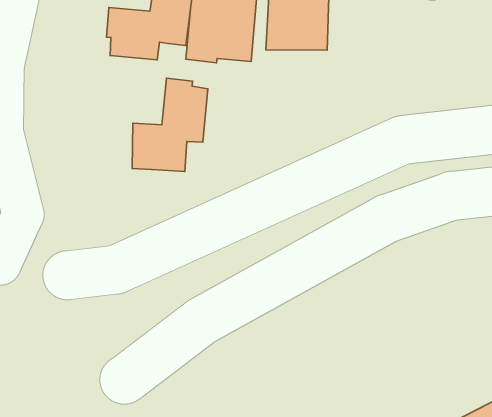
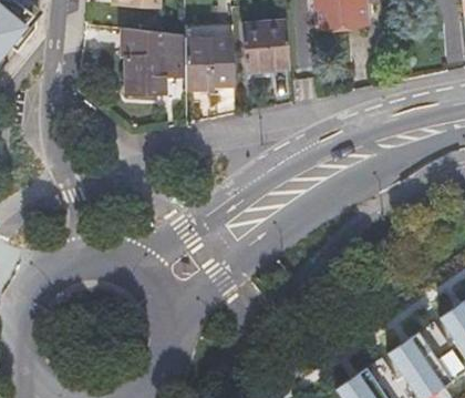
building: [132,78,208,172] -> none

